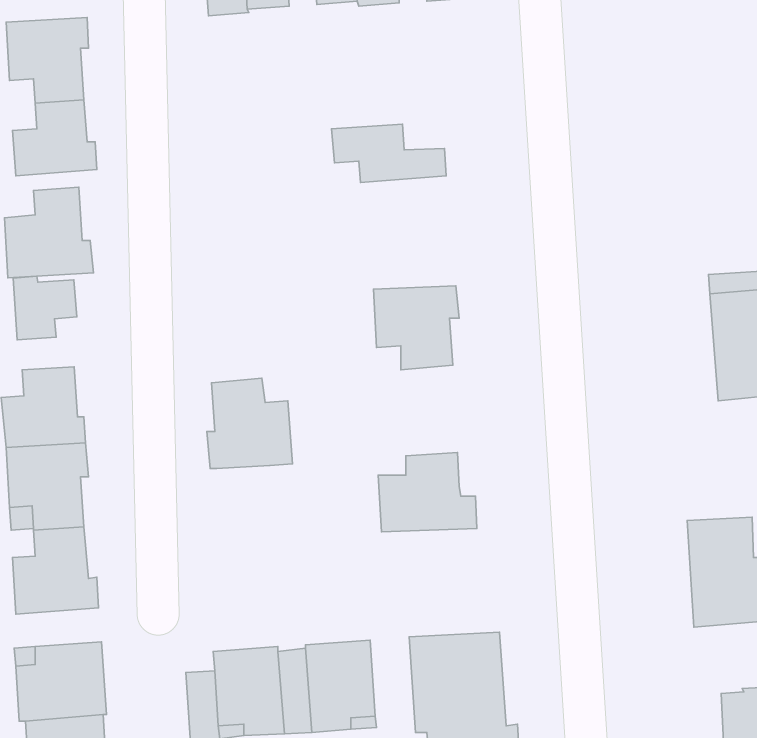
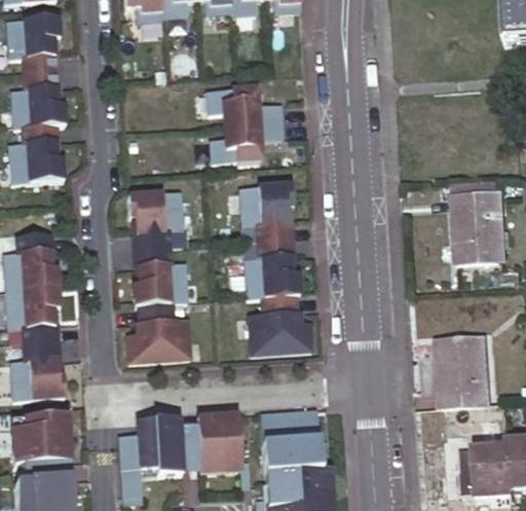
building: none -> [217,120,287,159]
building: [13,276,77,340] -> none
building: none -> [127,196,183,252]
building: none -> [243,241,298,299]
building: none -> [133,304,195,355]

